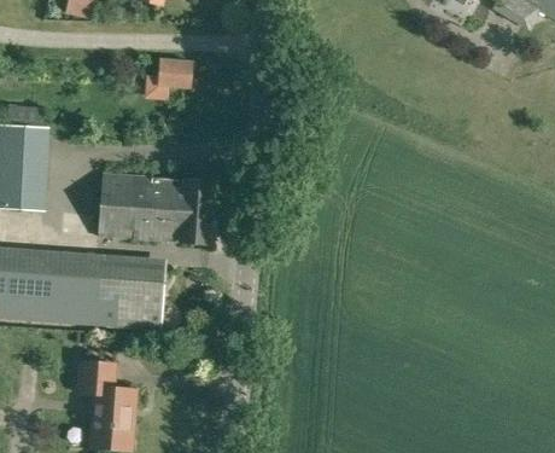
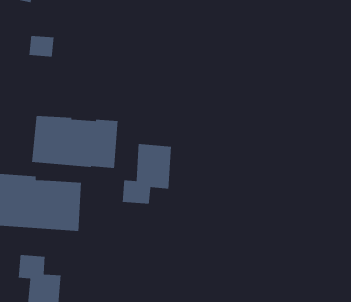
building: [158,58,193,88] -> [29,35,54,57]
building: none -> [122,143,172,205]

